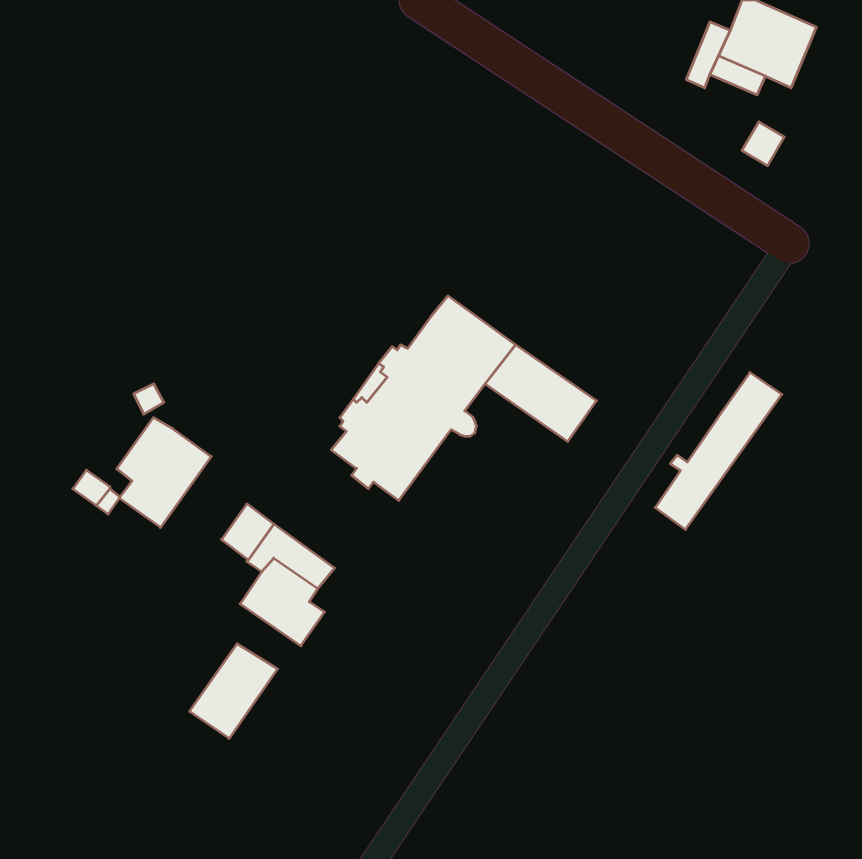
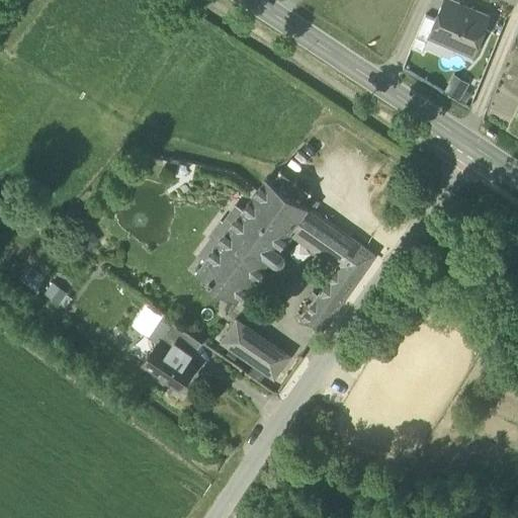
building: [655,372,782,530] -> [301,243,377,337]
building: [117,418,211,528] -> none
building: none -> [225,322,290,378]
building: [190,644,278,739] -> none

